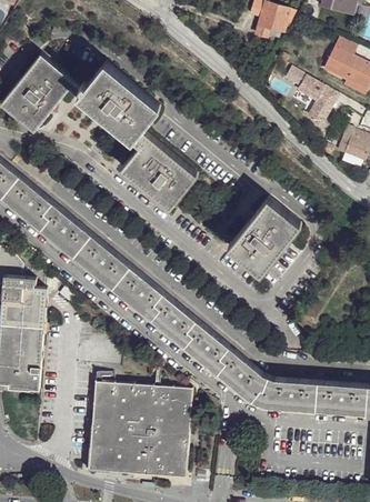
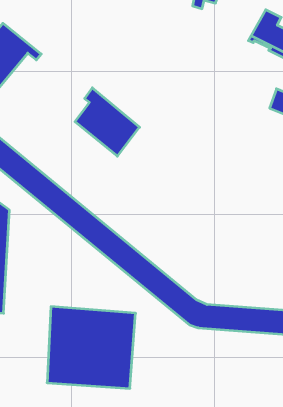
building: [77,64,158,143] -> none
building: [287,69,341,127] -> none
building: [226,199,300,275] -> none

